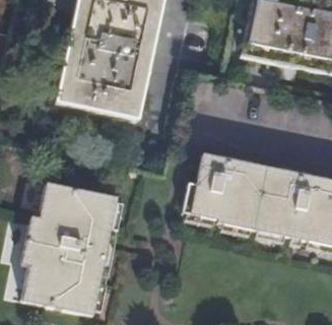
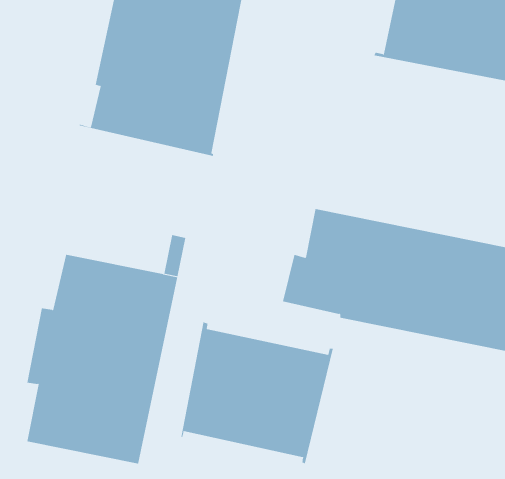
building: none -> [181,321,333,464]

